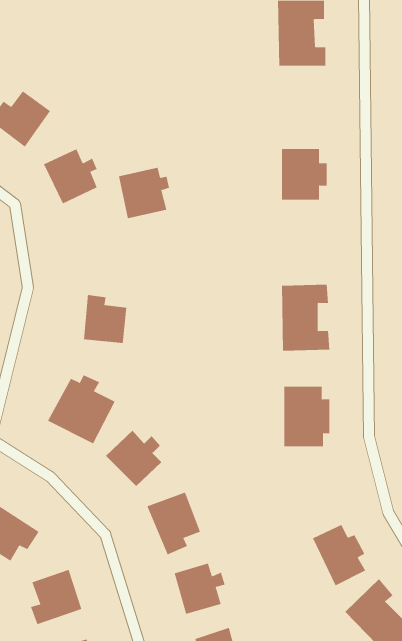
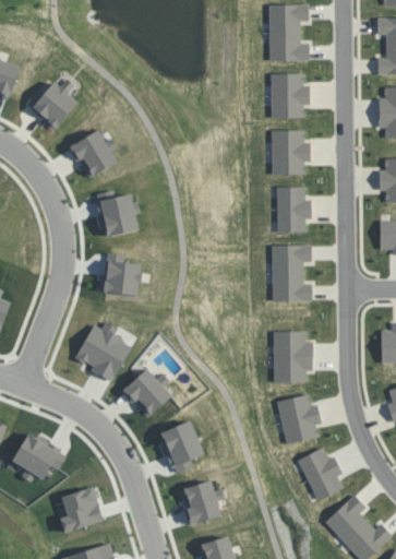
building: none -> [269,73,309,118]
building: [118,167,170,219] -> [96,193,140,237]
building: none -> [276,187,311,233]
building: none -> [276,394,321,443]

